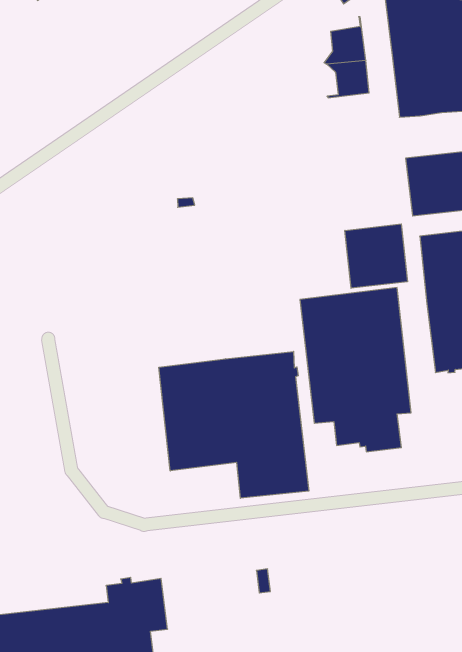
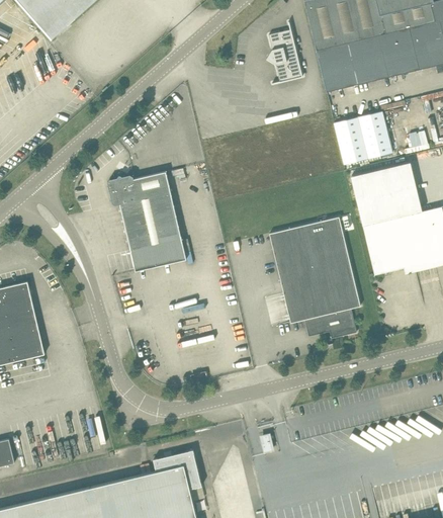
building: none -> [107,171,186,270]
building: [345,224,407,288] -> none
building: [159,351,309,498] -> none

